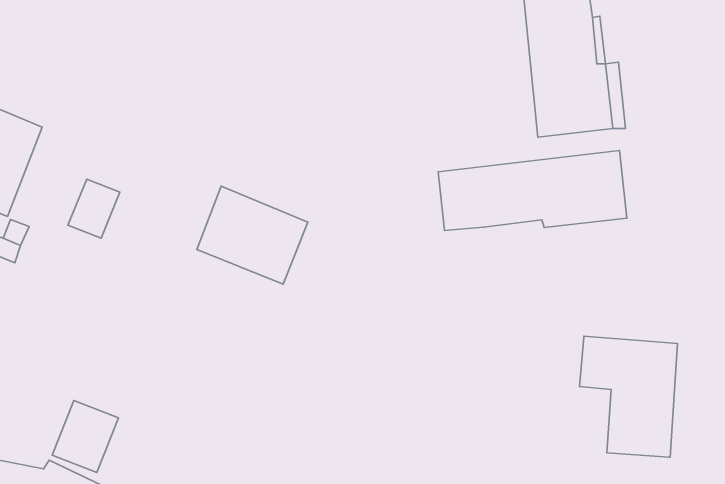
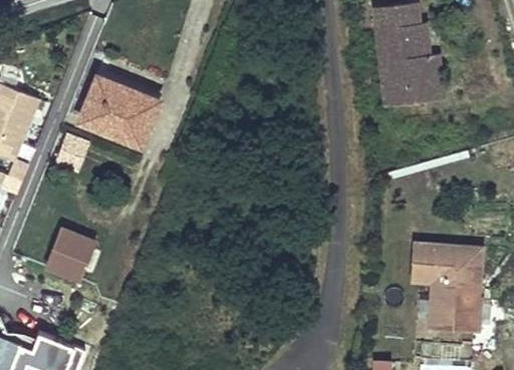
building: [438,150,627,230] -> none
building: [197,186,308,284] -> [80,76,158,144]
building: [52,401,118,473] -> [48,229,94,279]

